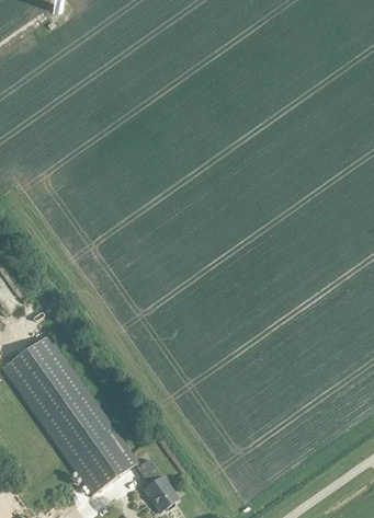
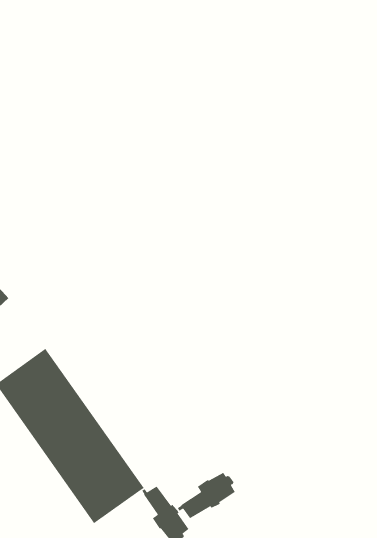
building: none -> [177,472,236,519]

